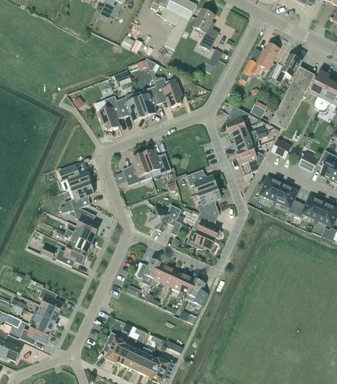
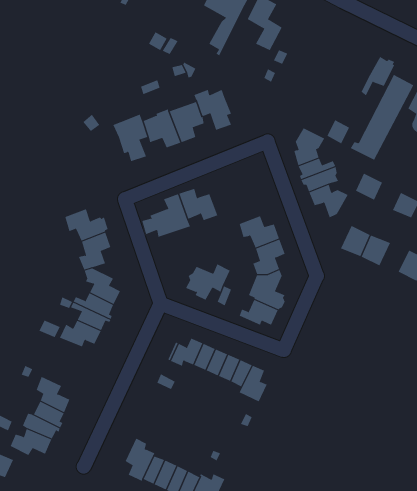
building: [240,42,278,81] -> none

